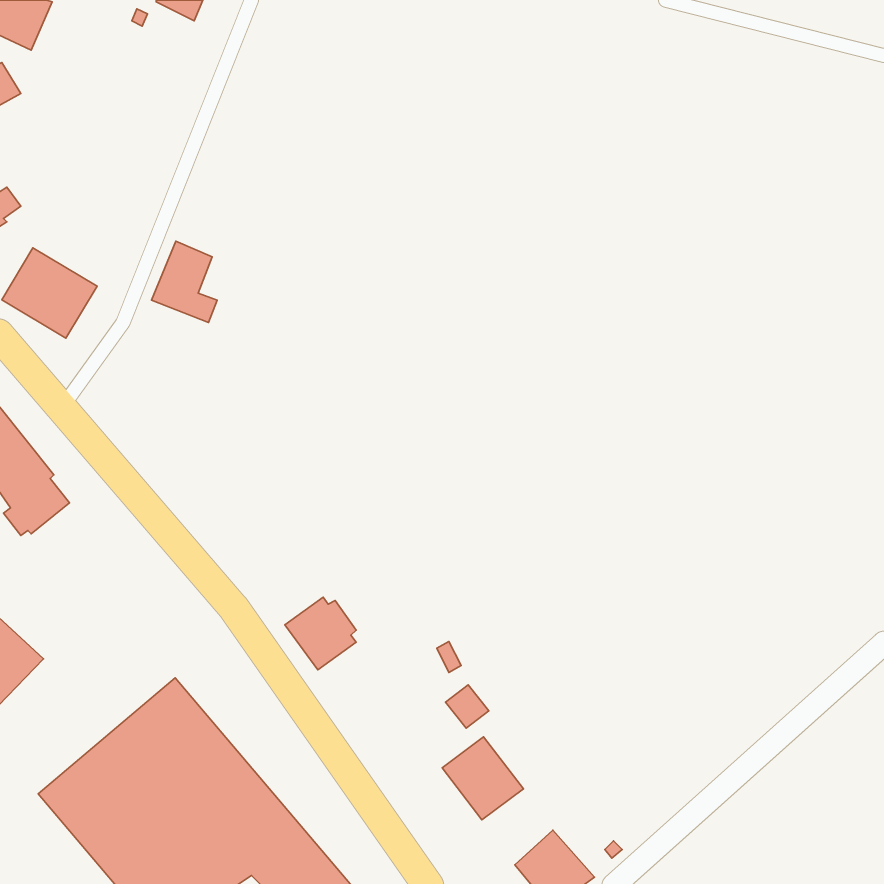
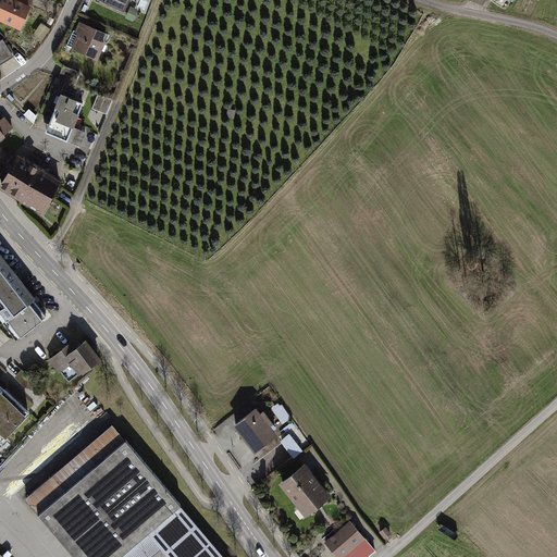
building: none -> [67,24,107,62]
building: [151,241,217,323] -> [44,97,85,148]
building: none -> [48,342,99,384]
building: [285,597,356,670] -> [231,408,275,454]

